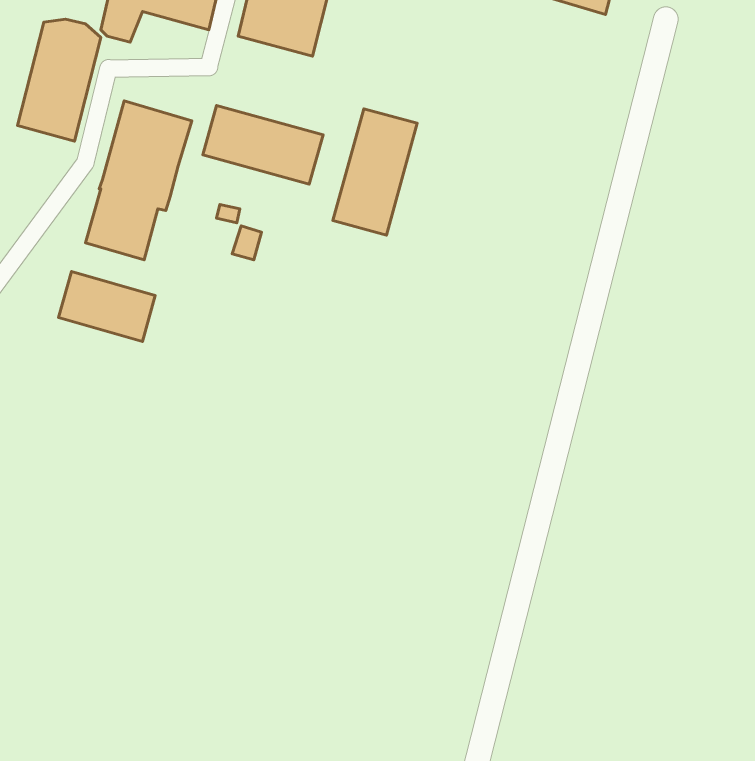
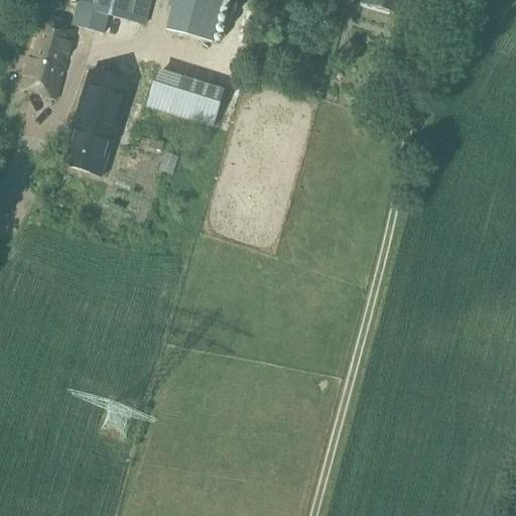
building: [333,109,417,235] -> none
building: [59,272,155,342] -> none

